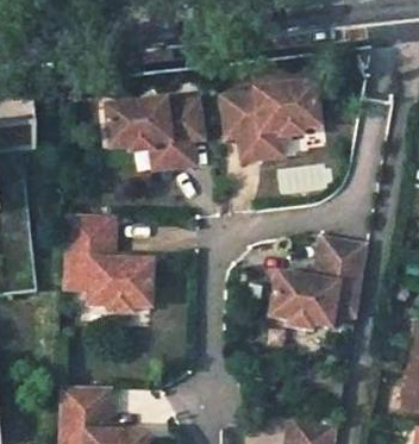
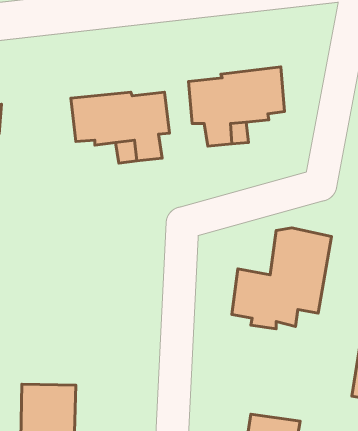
building: [63,212,155,313] -> none

